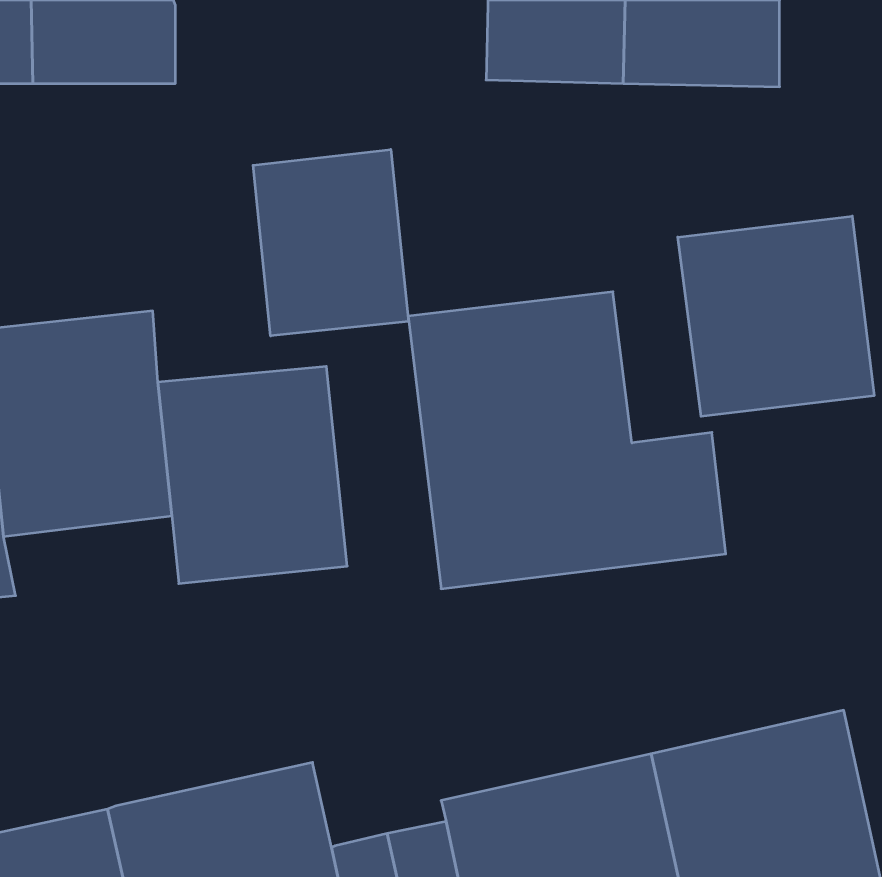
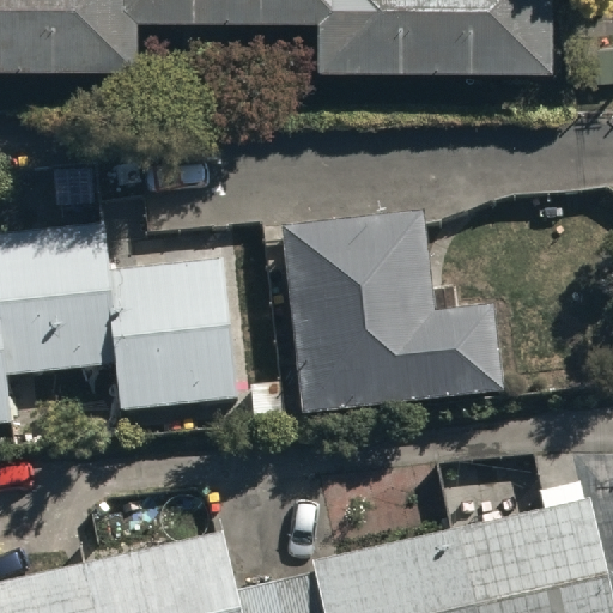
building: [253,149,409,336] -> none
building: [678,216,874,416] -> none

